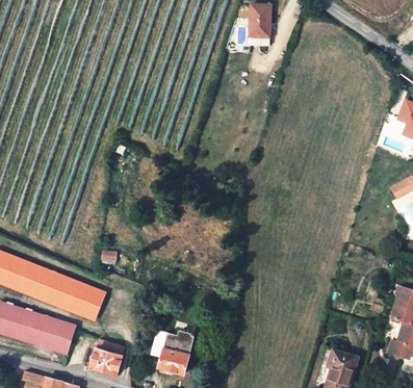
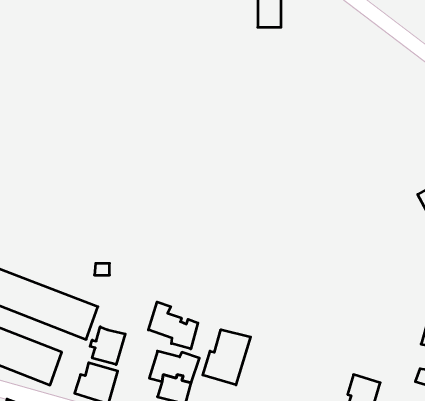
building: none -> [148,302,198,349]
building: none -> [90,327,125,365]
building: none -> [203,330,251,385]

